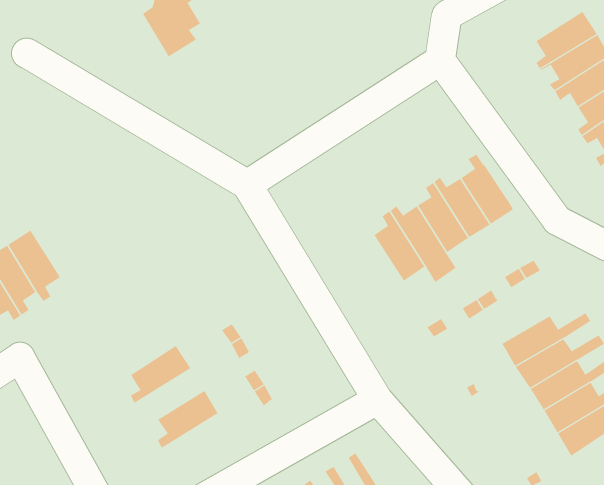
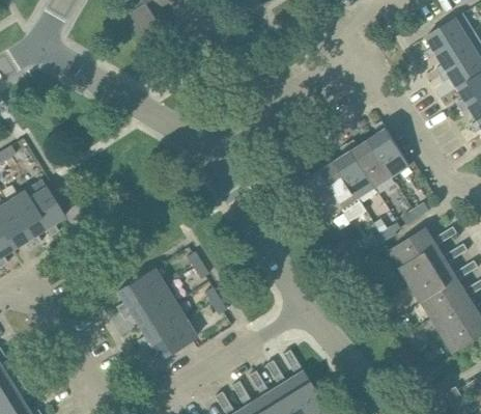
building: none -> [390,225,458,267]
building: none -> [120,285,174,325]
building: none -> [141,320,196,359]

